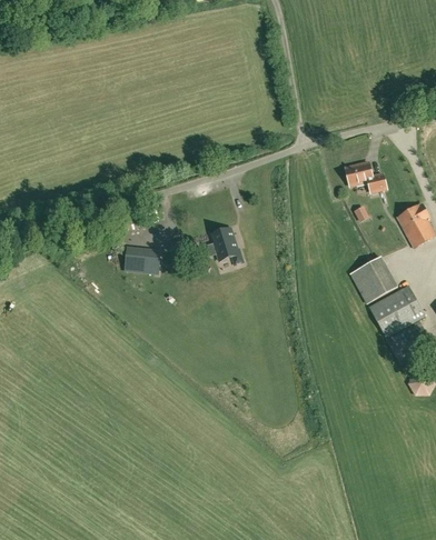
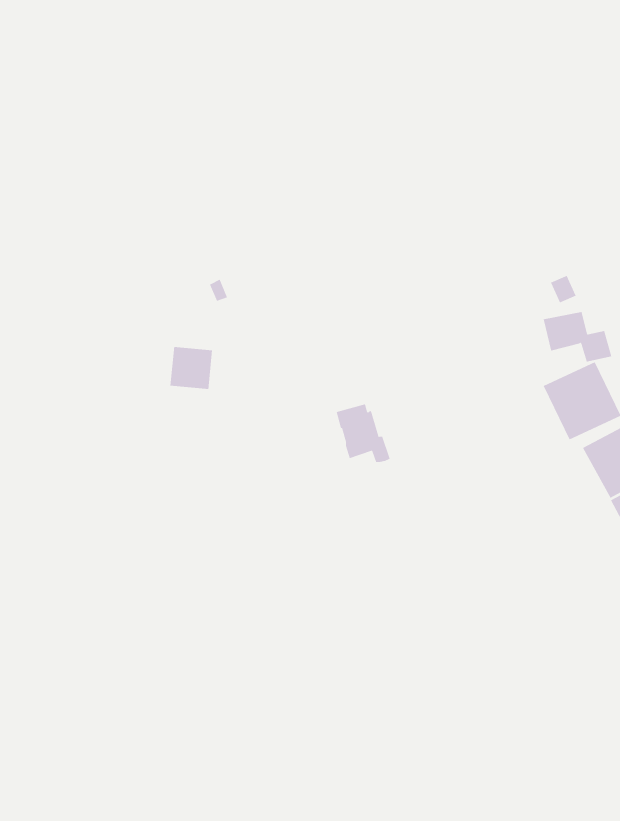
building: [346,161,387,191] -> [543,312,612,362]
building: [211,227,244,262] -> [336,403,390,463]

